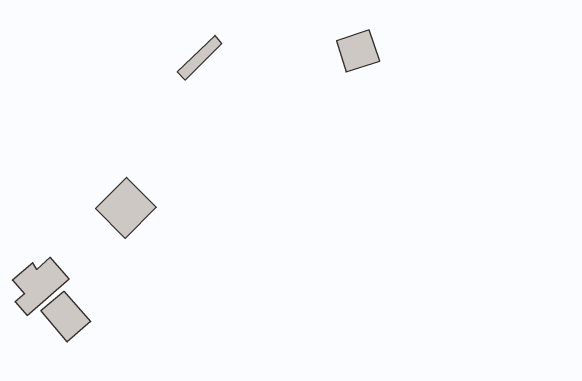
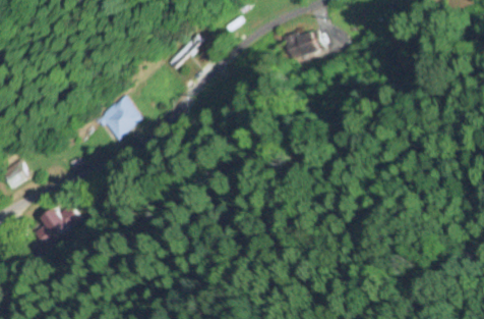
building: [96,177,156,238] -> [97,95,142,141]
building: [41,291,91,342] -> none

